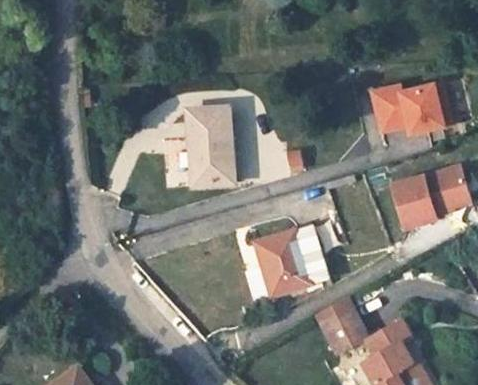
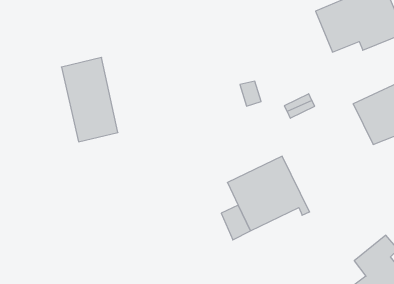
building: [188,106,233,185] -> [61,57,118,142]
building: [324,310,369,353] -> none

